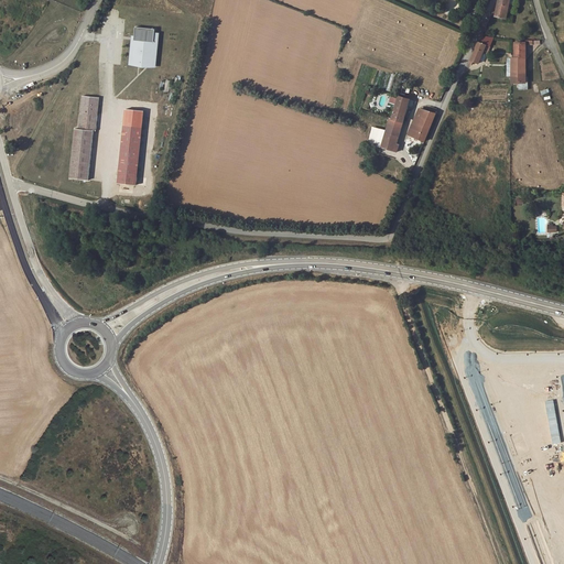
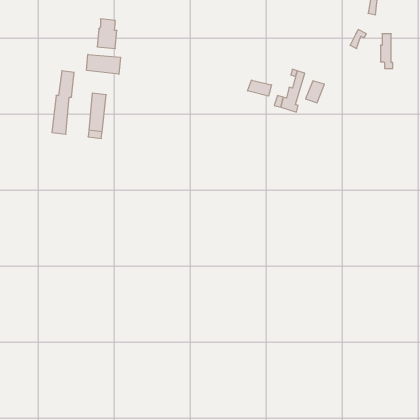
building: none -> [87,54,120,74]
building: none -> [248,80,272,96]

